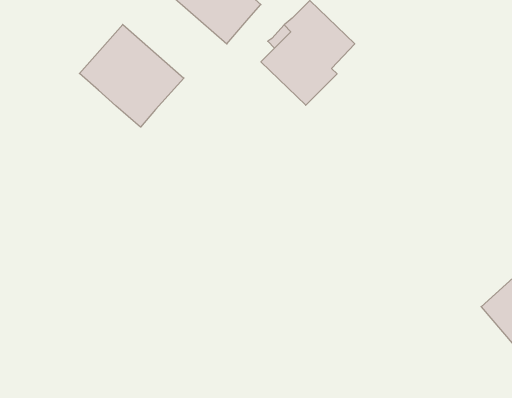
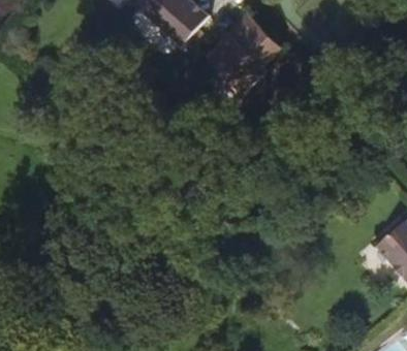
building: [79,24,184,127] -> none

